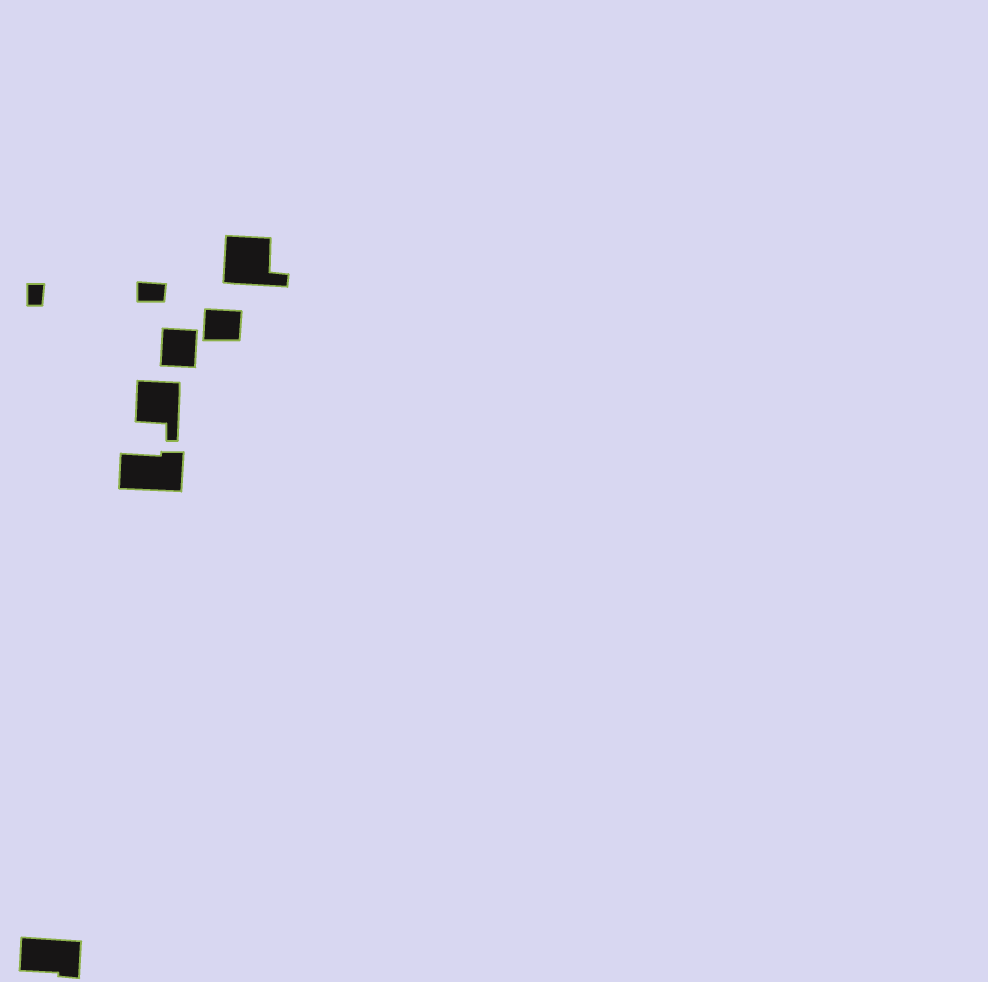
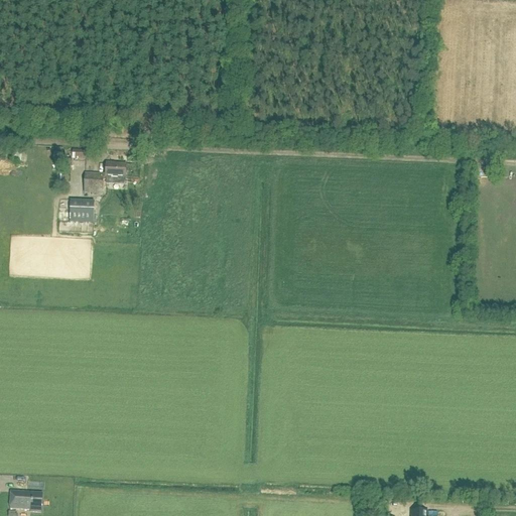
building: [224,236,288,287] -> none
building: [119,452,184,492] -> none

